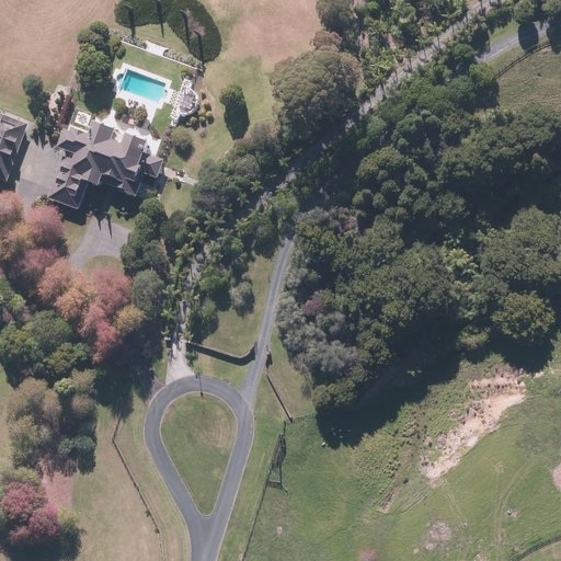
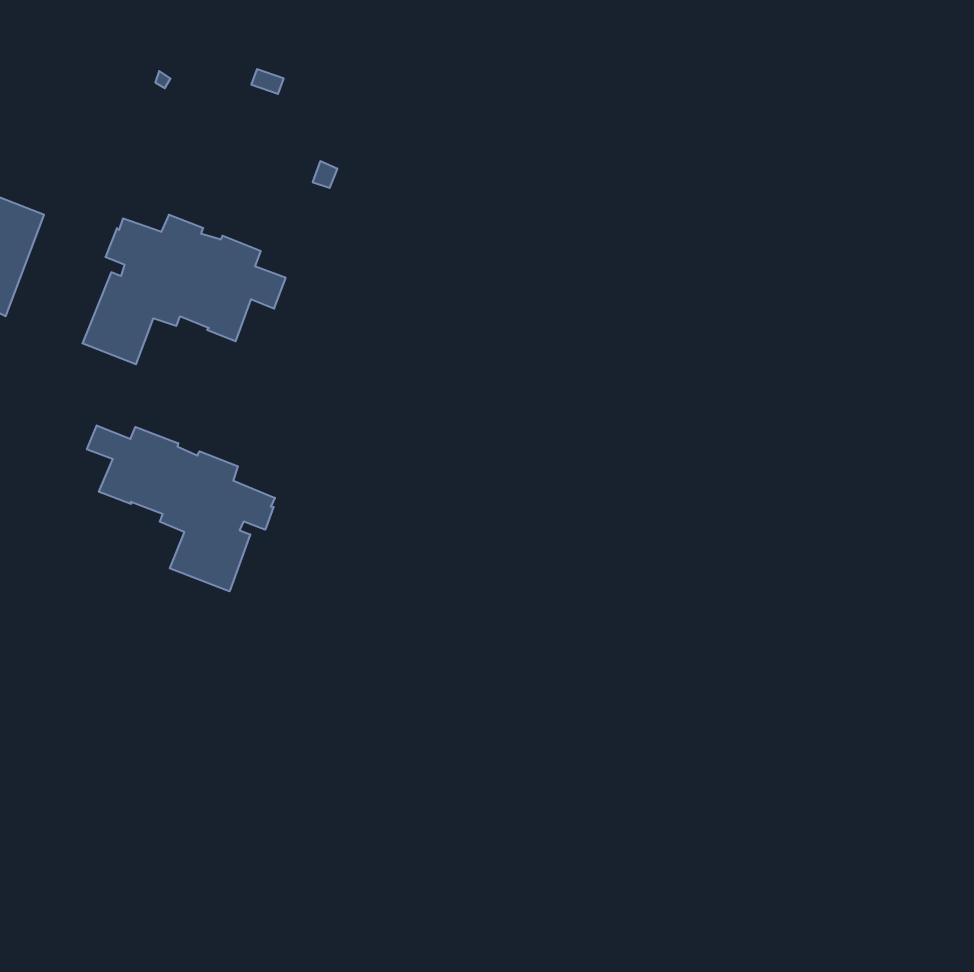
building: none -> [87,425,275,591]

